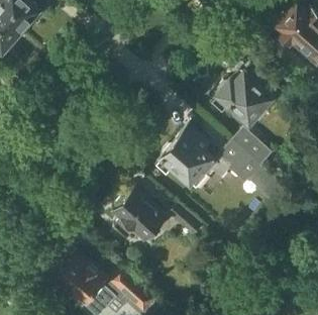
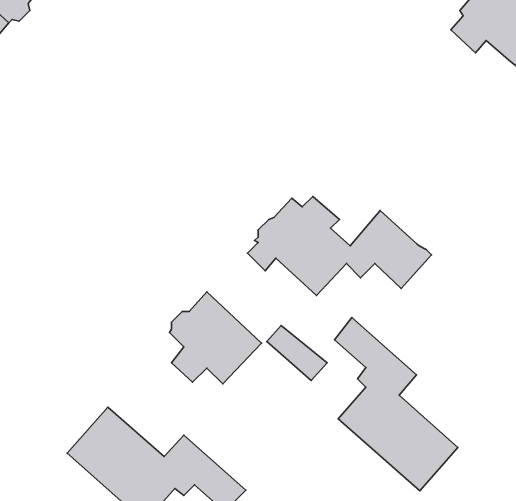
building: [211,64,273,122] -> none
building: [231,125,269,161] -> none
building: none -> [335,318,458,491]

